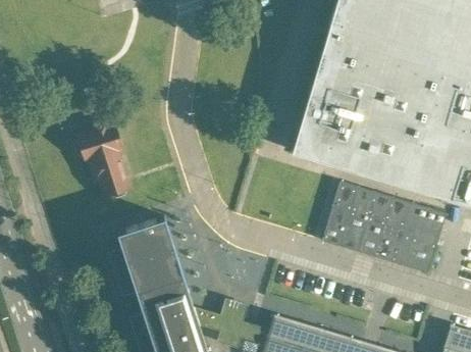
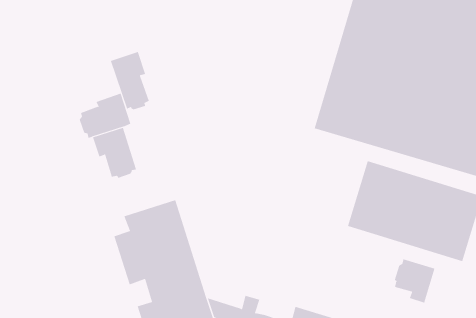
building: none -> [110,51,150,110]
building: none -> [394,258,435,303]

